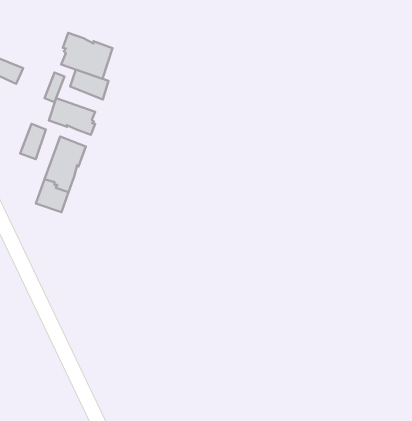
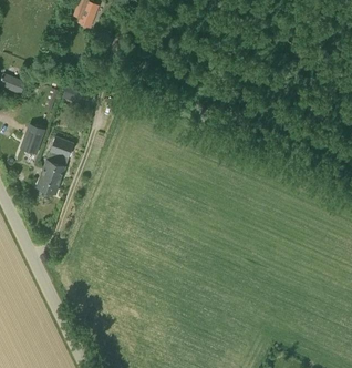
building: [61,33,113,79] -> none
building: [49,98,95,135] -> none

